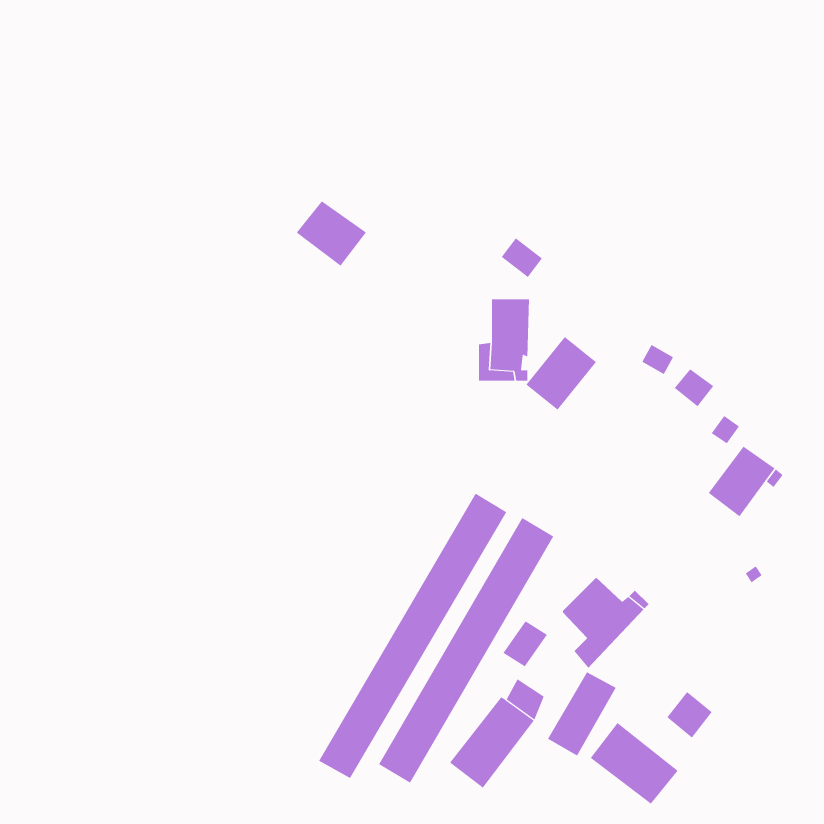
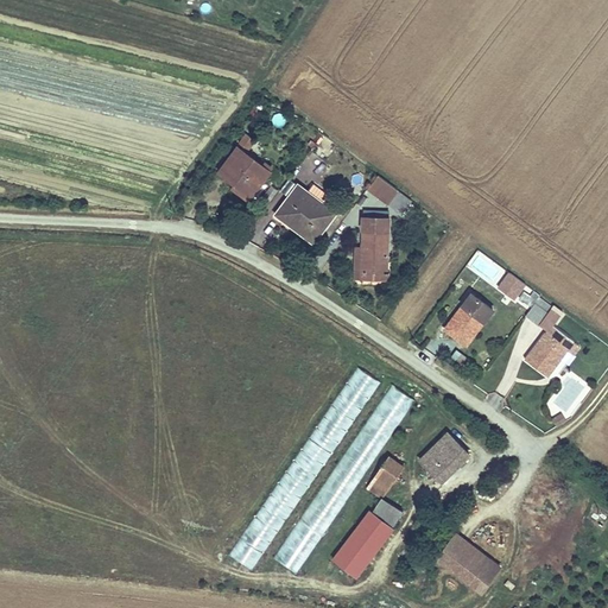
building: none -> [276,184,337,240]
building: [526,336,597,410] -> [442,294,494,349]
building: [547,672,616,757] -> none
building: [667,691,712,738] -> none

